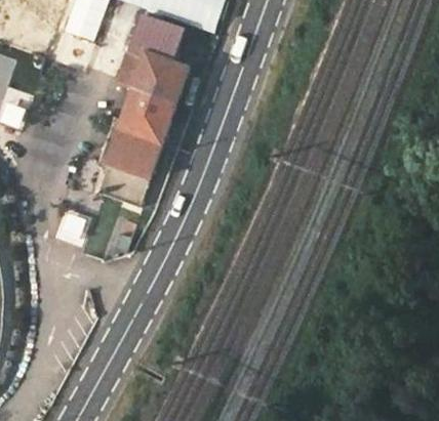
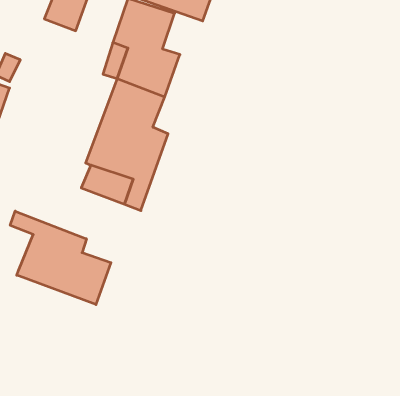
building: none -> [10,211,111,305]

